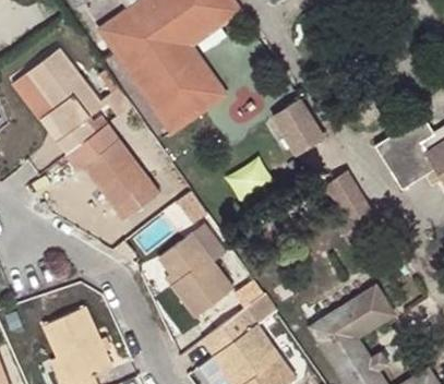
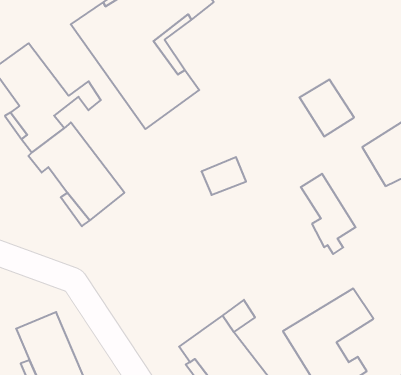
building: [271,99,324,155] -> [299,80,354,136]
building: [161,236,237,321] -> none

